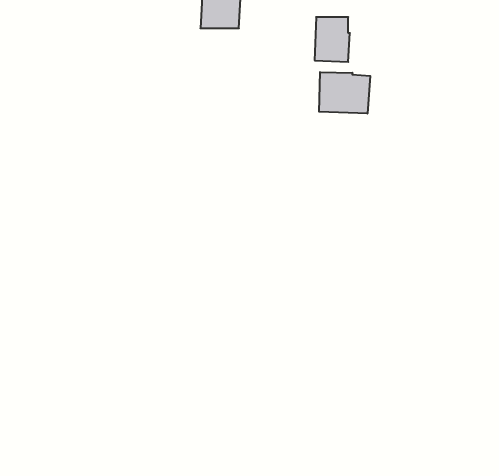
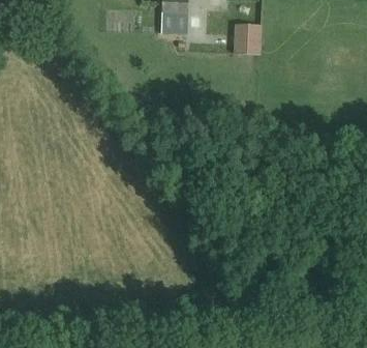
building: [319,72,370,114] -> none

